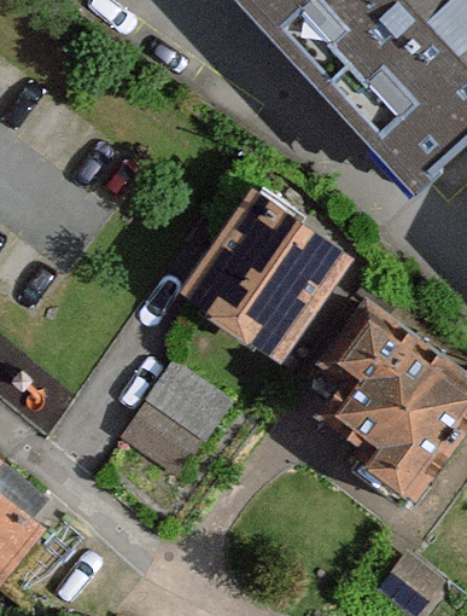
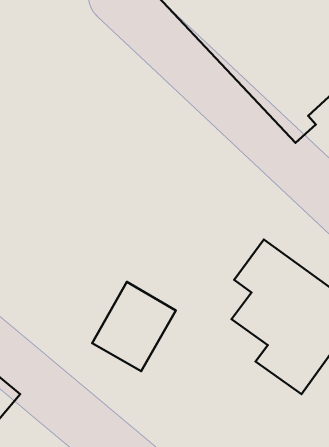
building: [176,184,348,358] -> none

